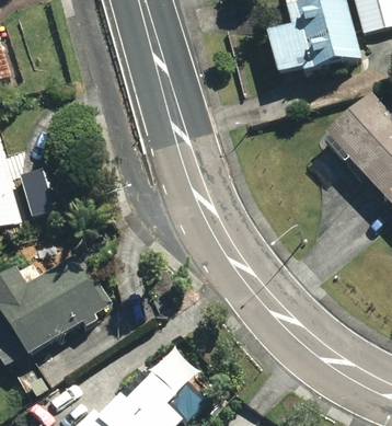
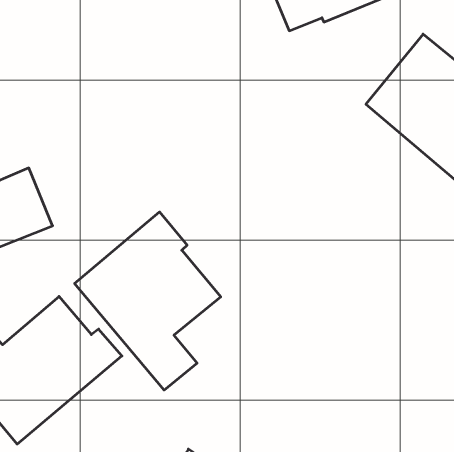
building: none -> [75,212,221,390]

